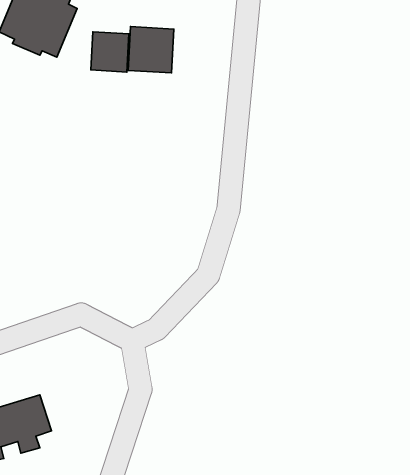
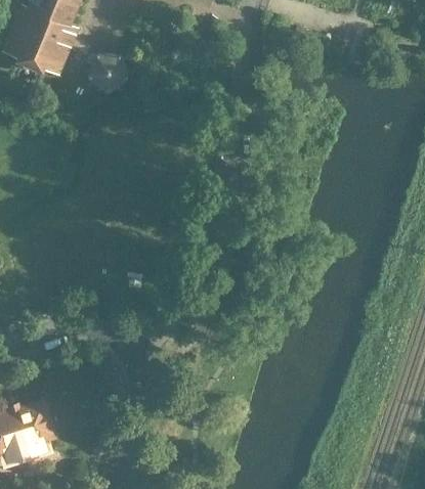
building: [128,27,174,73] -> none

